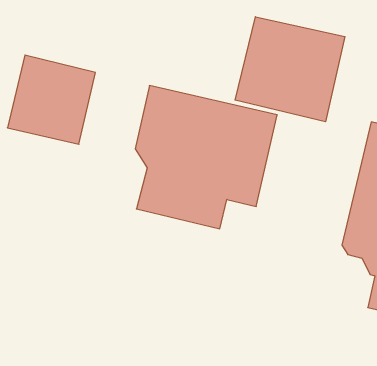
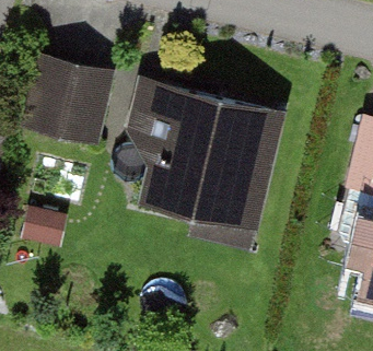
building: [235,17,345,122] -> none

